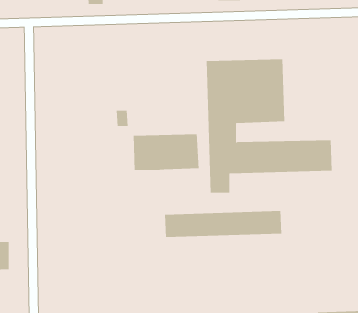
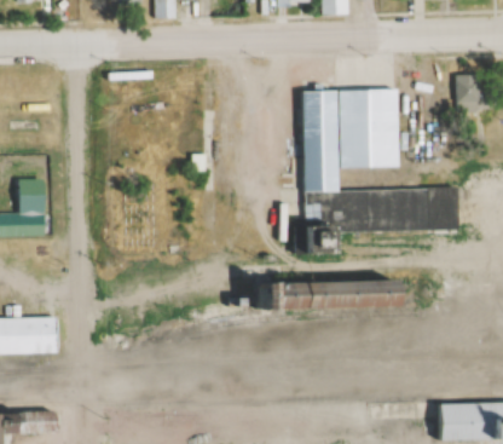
building: none -> [455,71,481,113]
building: [133,133,199,171] -> none

